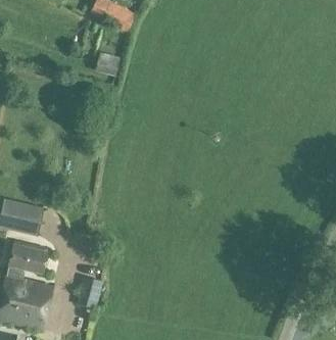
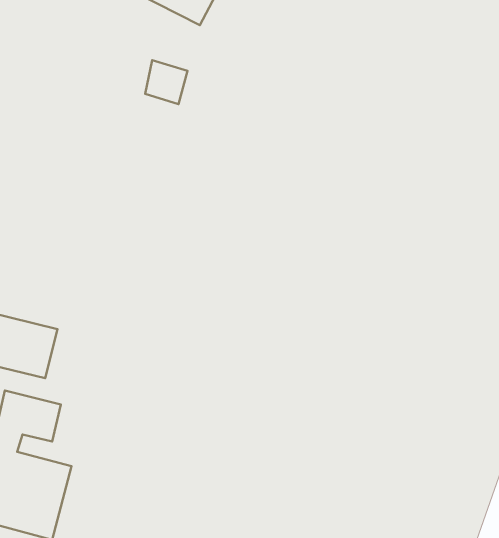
building: [77,275,102,306] -> none

